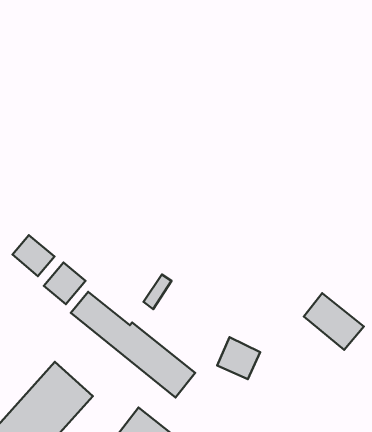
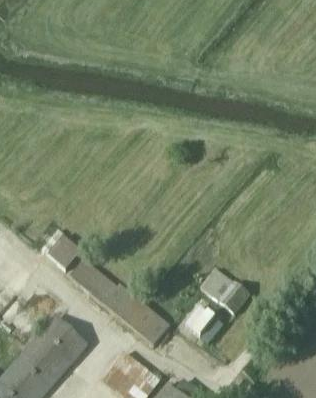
building: [13,235,54,276] -> none
building: [304,293,364,350] -> [202,268,251,314]

